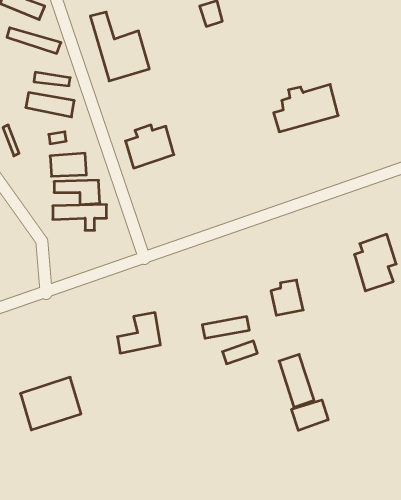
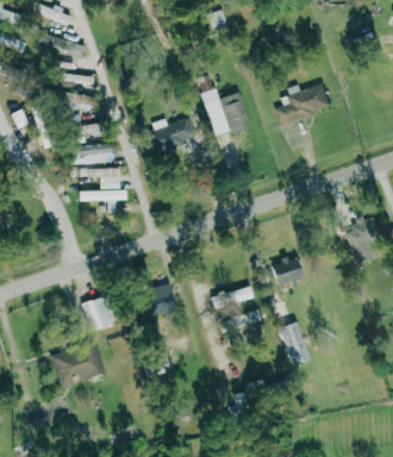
building: [90,12,149,81] -> [198,75,250,136]
building: none -> [82,296,112,332]
building: [292,400,328,430] -> none

